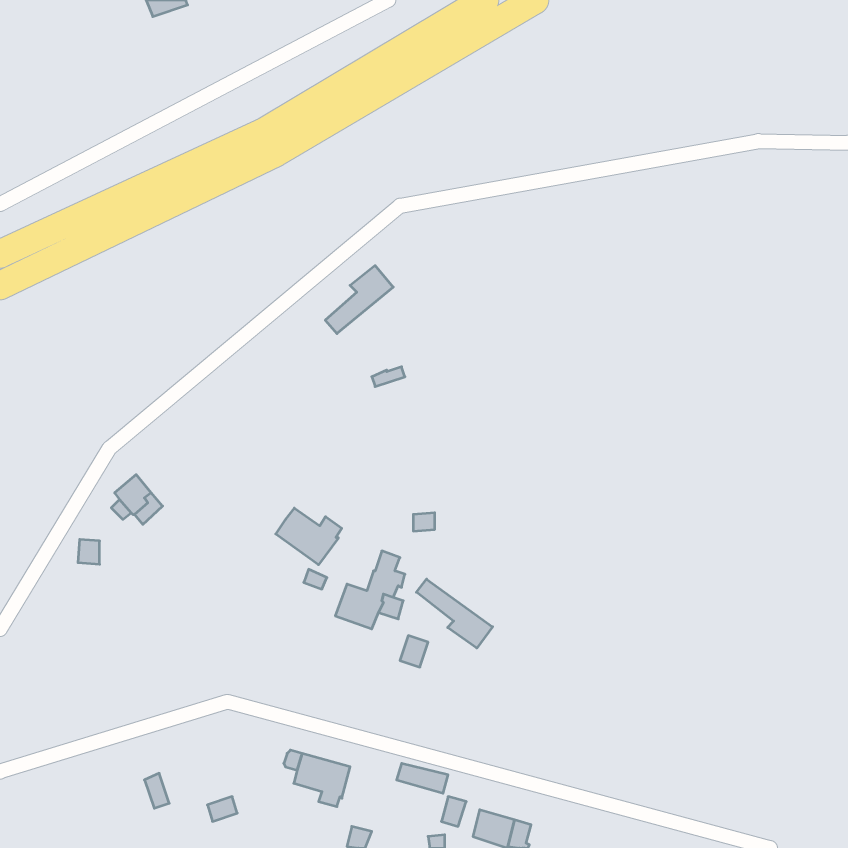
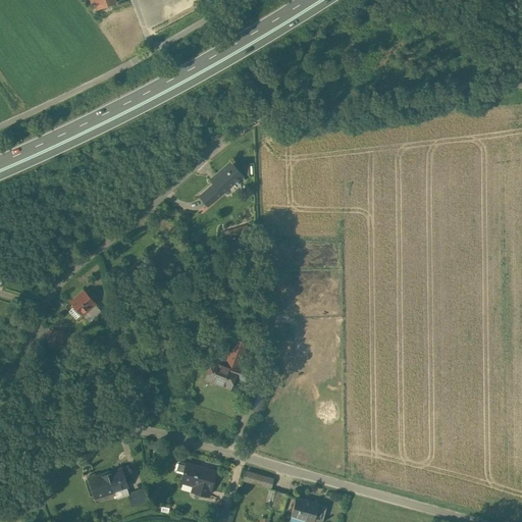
building: [276,508,342,565] -> none
building: [416,579,493,648] -> none
building: none -> [98,469,126,493]

